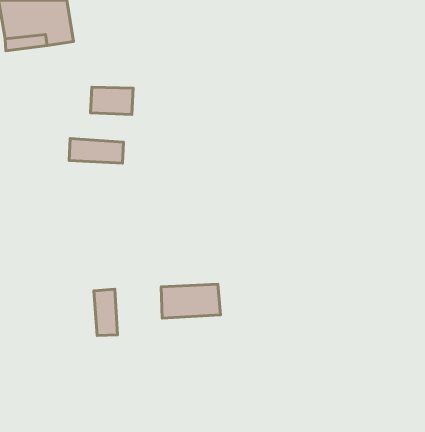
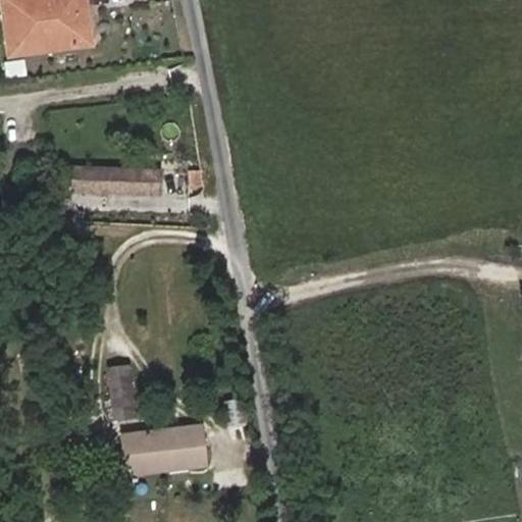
building: [91,87,133,115] -> none
building: [161,284,220,318] -> [129,420,201,461]

